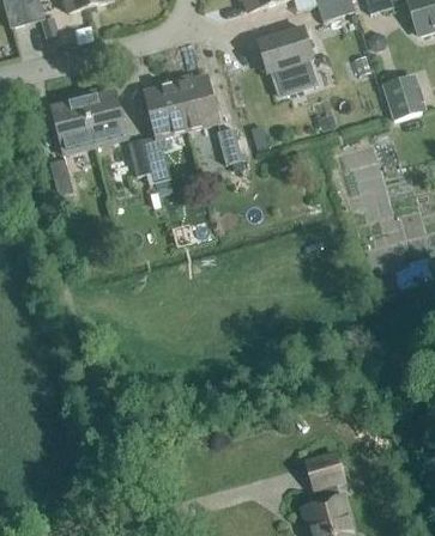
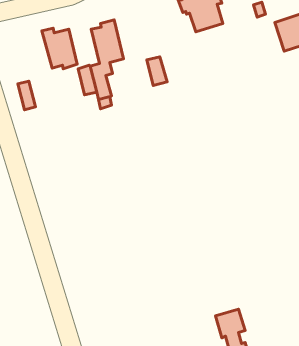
building: [175,75,219,129] -> none
building: [52,93,95,153] -> none

